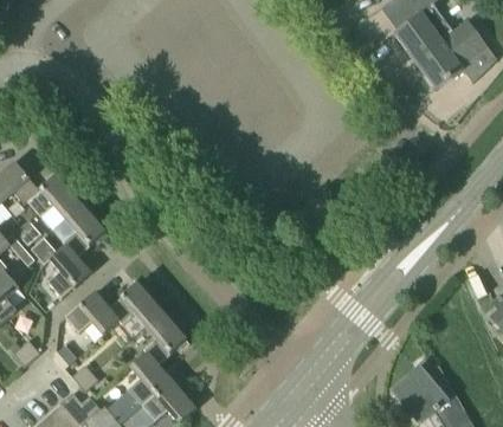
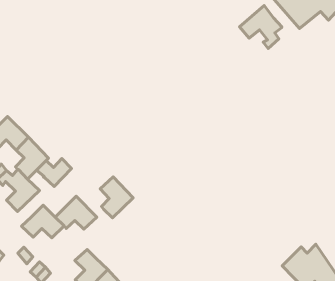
building: none -> [239,6,282,48]
building: none -> [36,159,72,187]
building: [143,311,185,363] -> [100,177,133,218]

